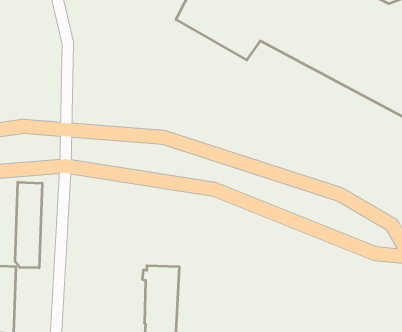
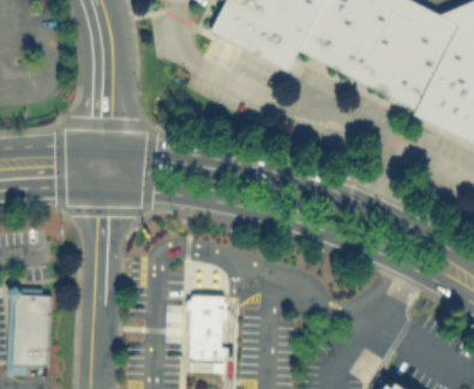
building: [15,182,42,268] -> none

